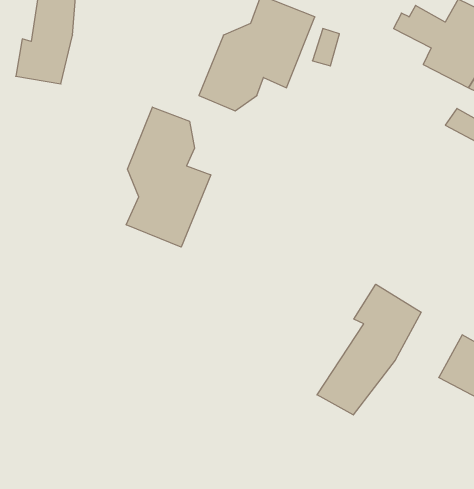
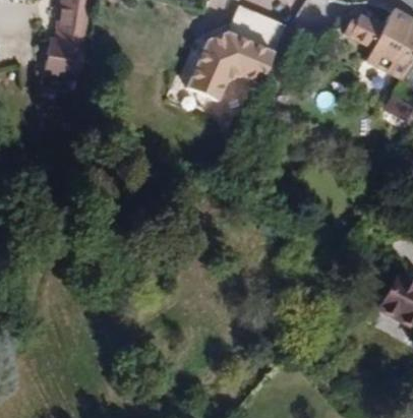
building: [126,107,211,247] -> none
building: [317,284,421,415] -> none

